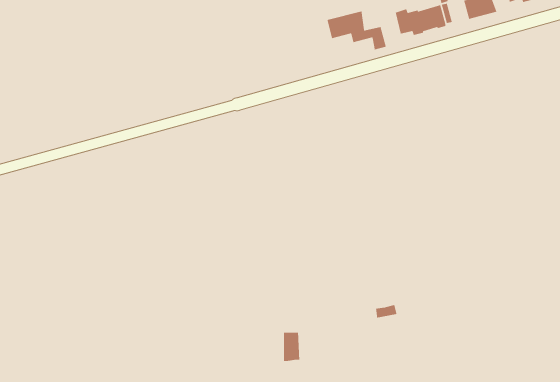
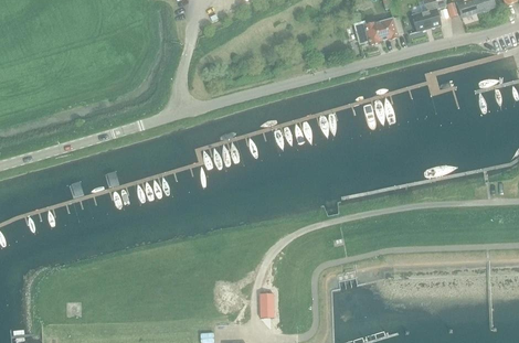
building: [327,11,387,51] -> none

